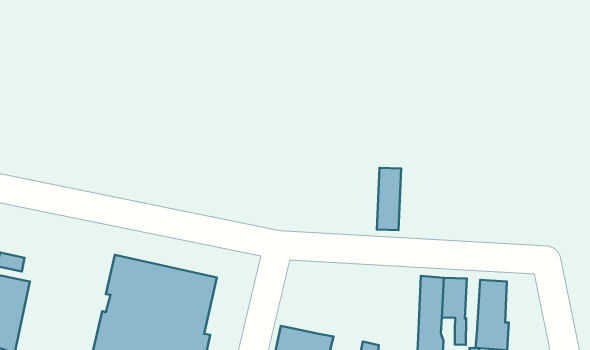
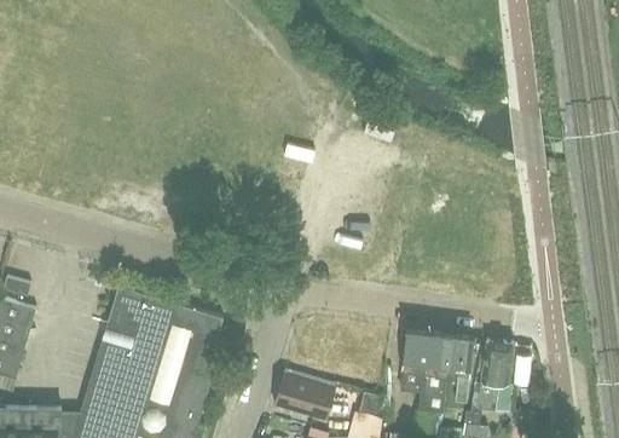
building: [377,168,401,230] -> [398,328,427,392]

